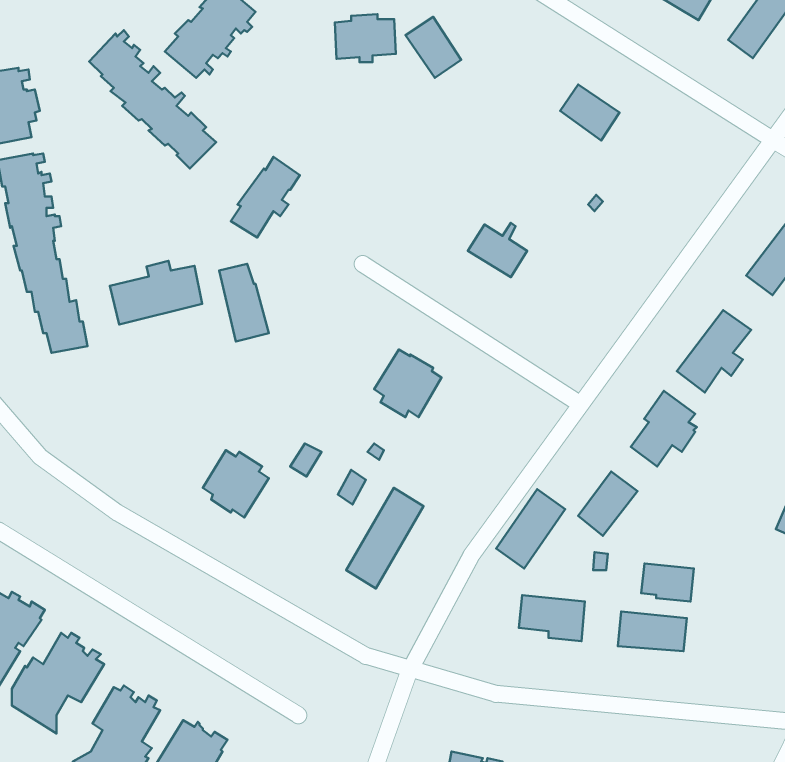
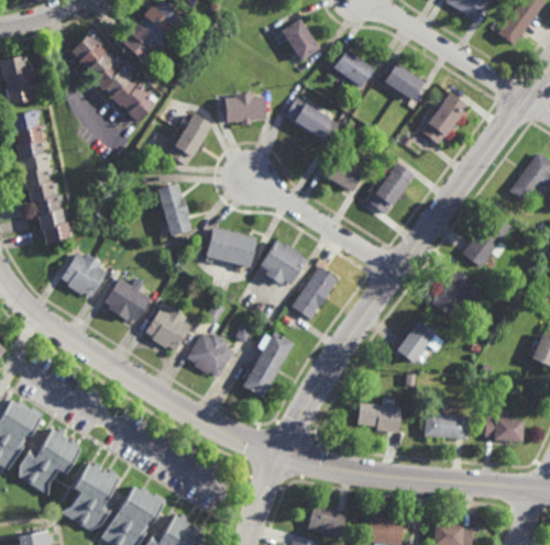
building: [335,14,396,62] -> [224,91,265,123]
building: none -> [329,47,373,92]
building: none -> [421,92,469,144]
building: none -> [285,97,339,142]
building: none -> [369,162,416,214]
building: [110,261,202,325] -> none
building: none -> [205,227,256,266]
building: none -> [61,253,107,297]
building: none -> [105,278,152,322]
building: [496,489,565,568] -> [292,267,338,320]
building: none -> [187,333,233,378]
building: [641,563,694,601] -> [485,419,520,444]

